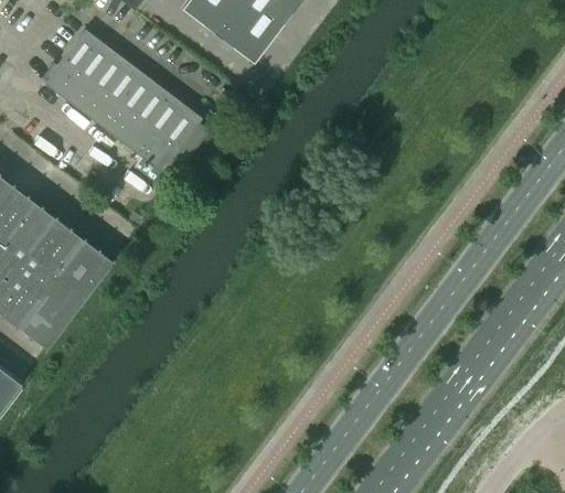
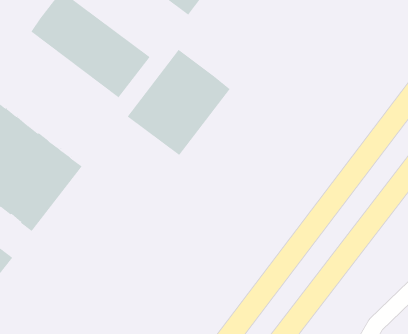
building: none -> [127,49,230,156]

